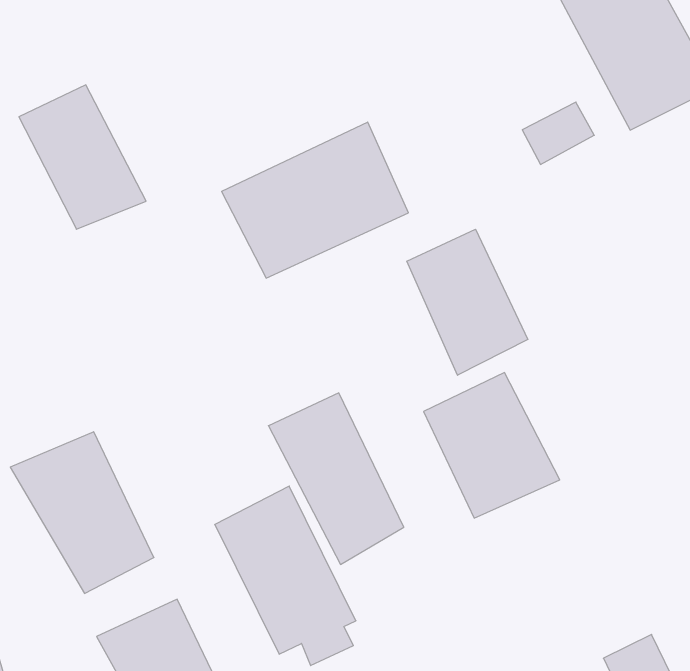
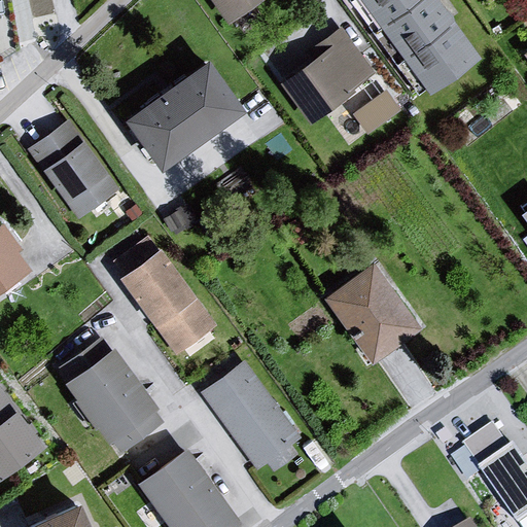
building: none -> [280,30,378,126]
building: [222,122,408,278] -> [119,61,243,173]
building: [407,229,528,375] -> none
building: [268,393,404,564] -> [119,250,218,361]

